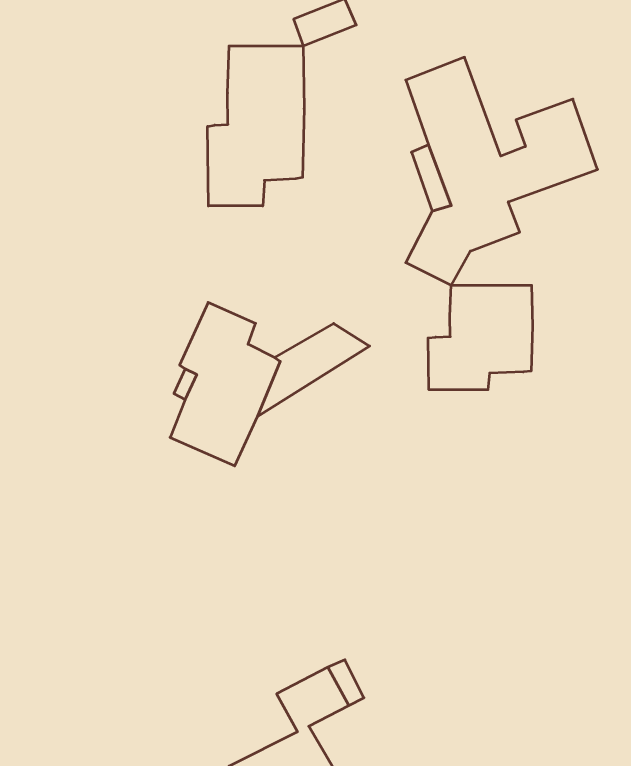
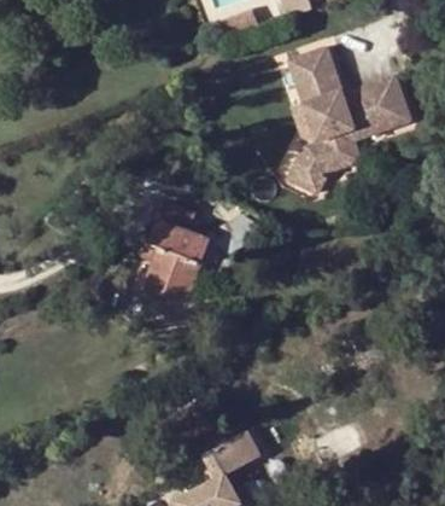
building: [208,46,304,206] -> none
building: [428,285,533,390] -> none

